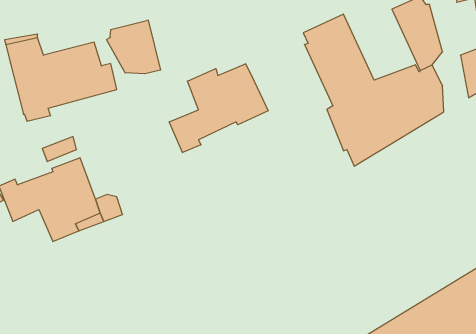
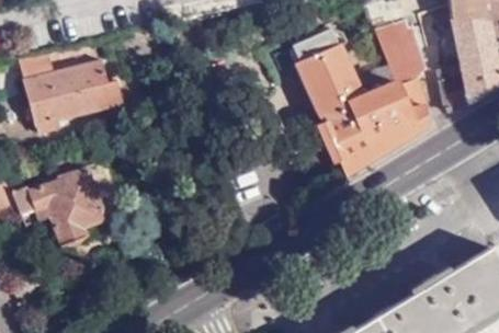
building: [107,20,161,74] -> none
building: [169,64,268,153] -> none

